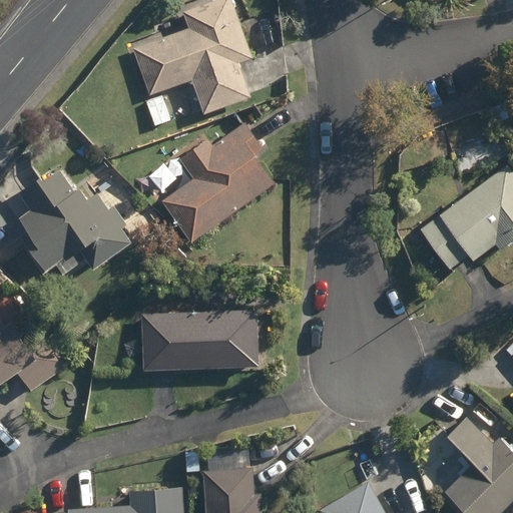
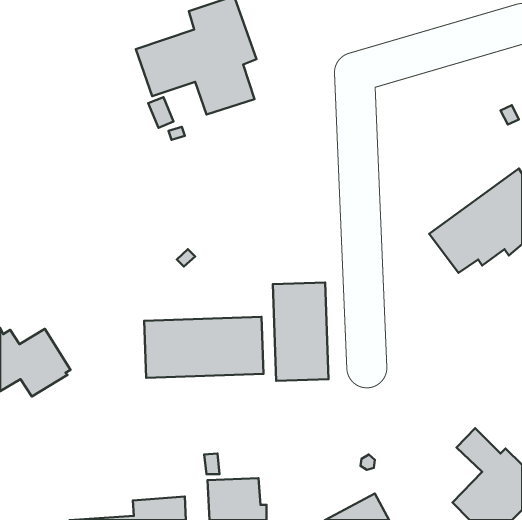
building: [160,123,275,244] -> none
building: [18,171,130,276] -> none
building: none -> [273,282,328,381]

